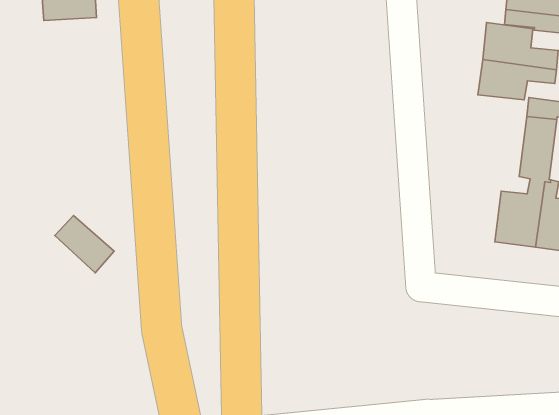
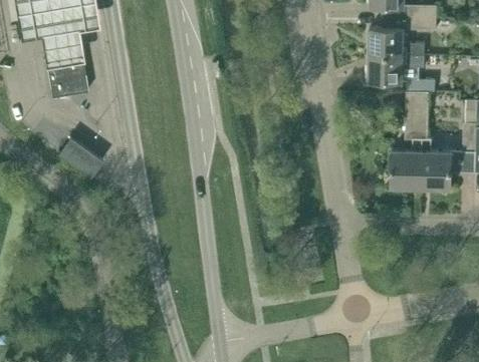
building: none -> [46,55,88,97]
building: [55,215,114,273] -> [58,137,102,177]

